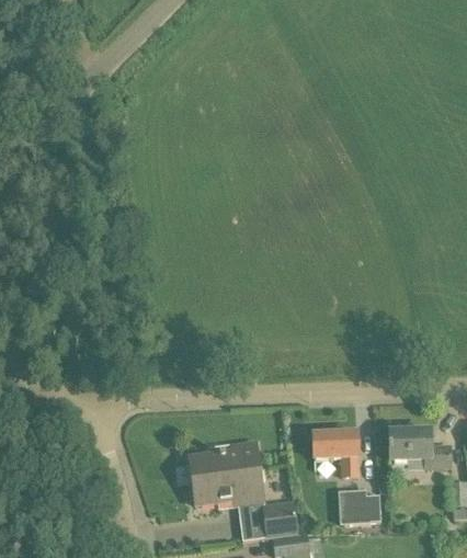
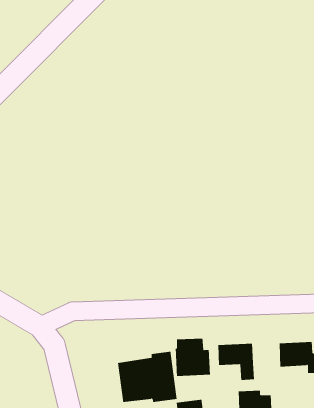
building: none -> [175,338,210,377]

